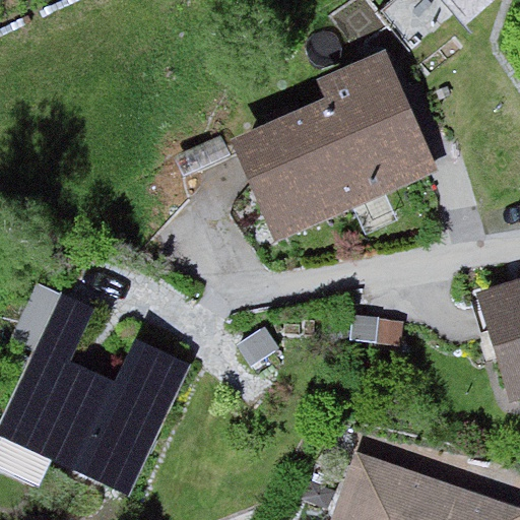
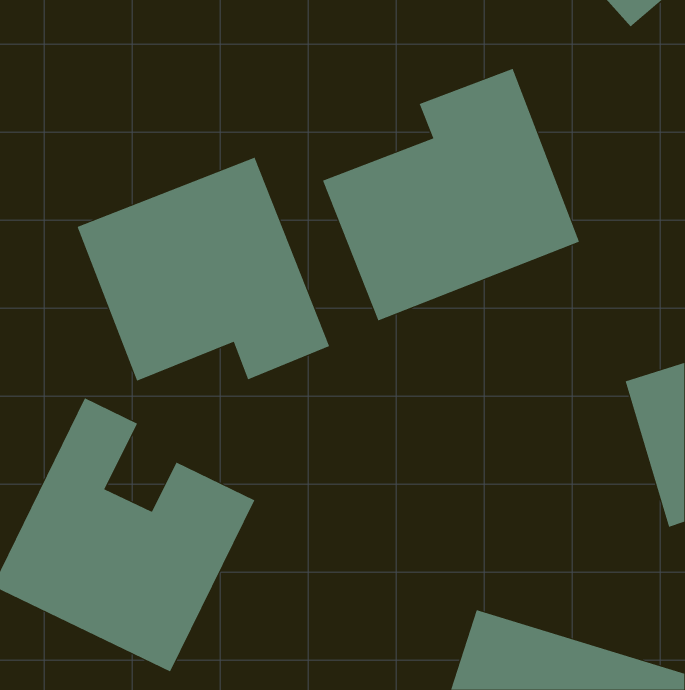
building: none -> [77,157,330,382]

